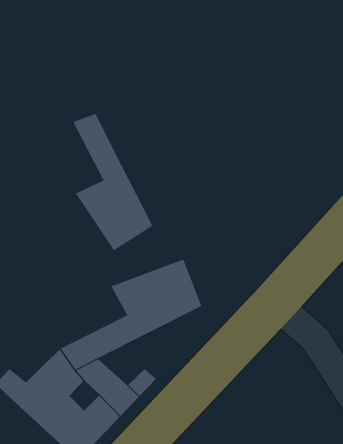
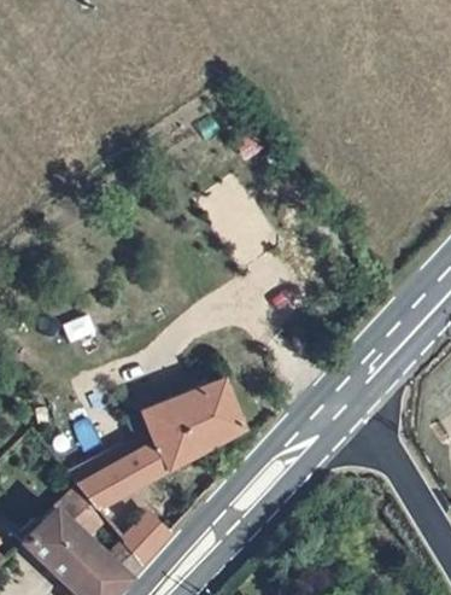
building: [73,113,153,251] -> none

